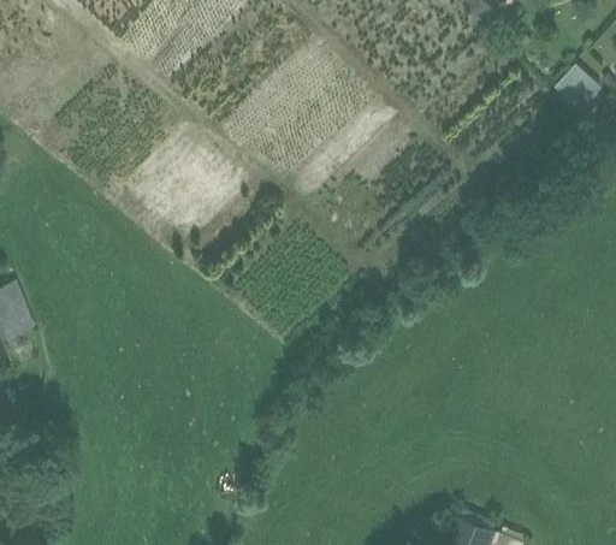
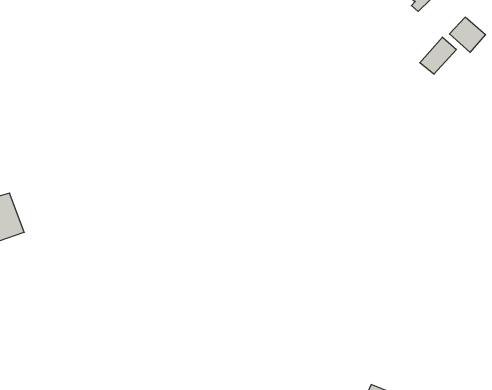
building: none -> [420,37,456,74]

